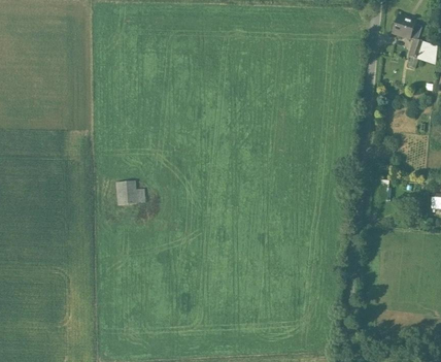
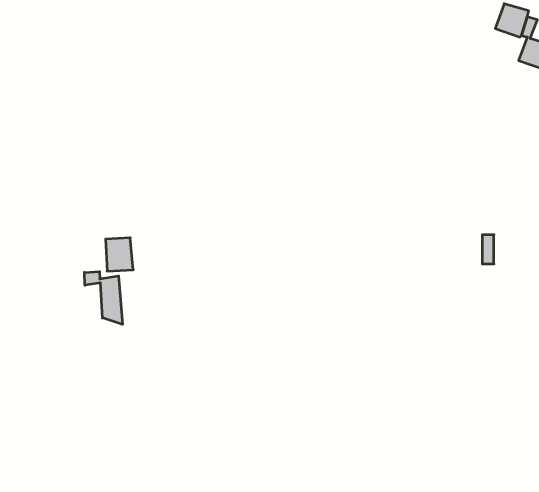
building: none -> [84,272,122,324]

